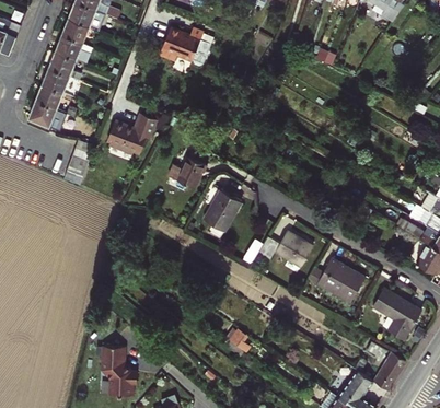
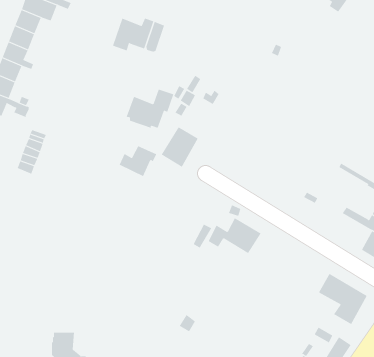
building: [107,112,157,152] -> [126,89,174,128]
building: [202,190,241,232] -> [161,127,198,167]
building: [305,257,364,302] -> none

